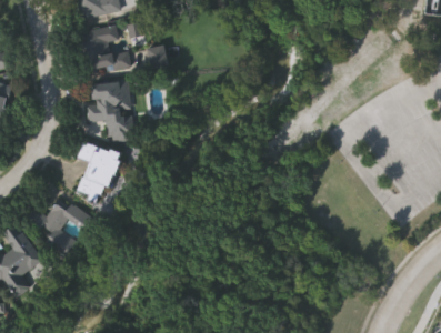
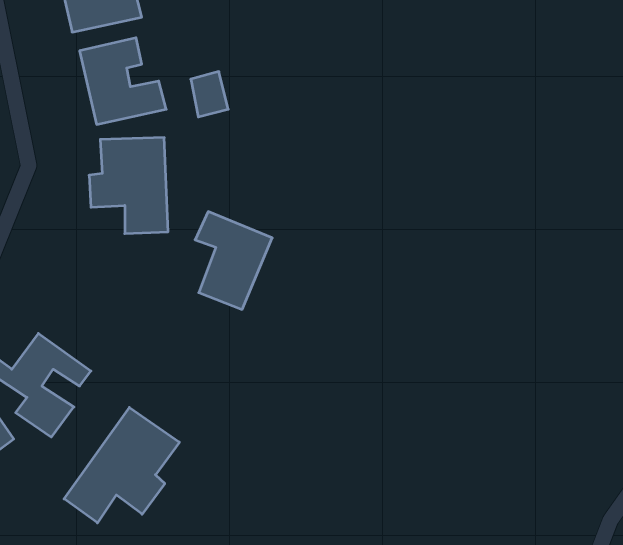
building: [76,140,121,198] -> [195,212,272,309]
building: none -> [64,407,179,523]

